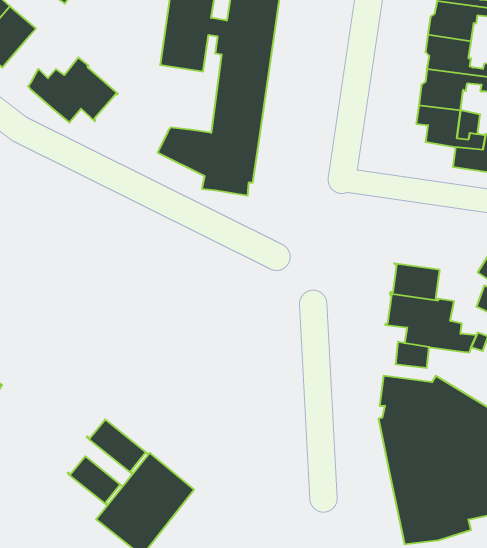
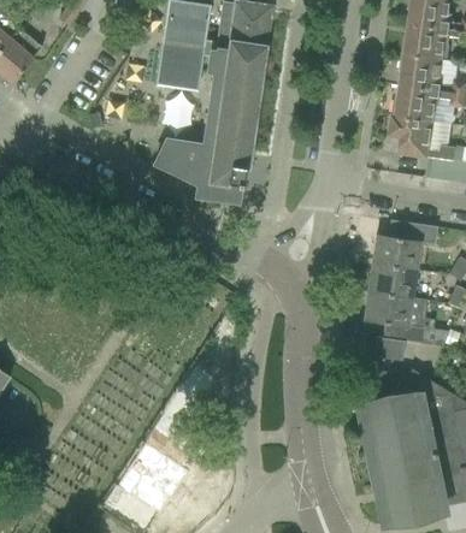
building: [28,57,118,123] -> none
building: none -> [372,221,437,272]
building: [87,419,148,474] -> none
building: [68,456,123,505] -> none

